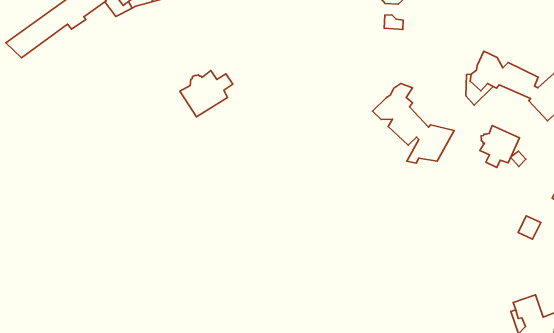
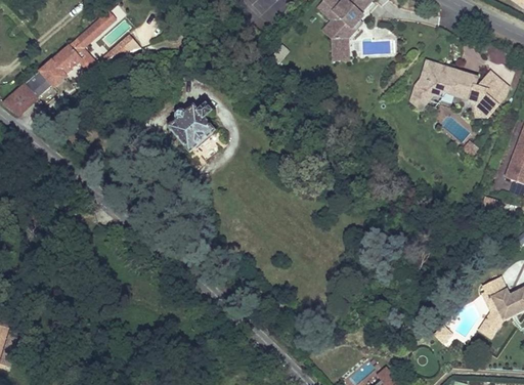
building: [372,84,454,163] -> none
building: [480,125,519,167] -> none

